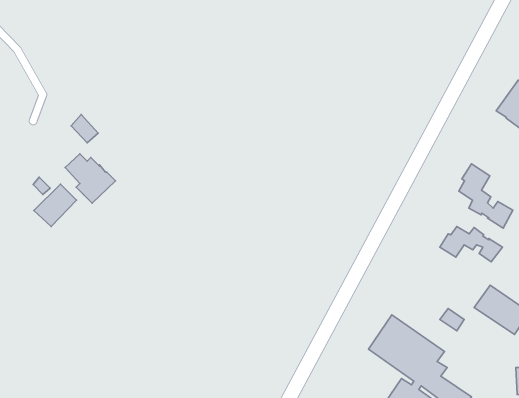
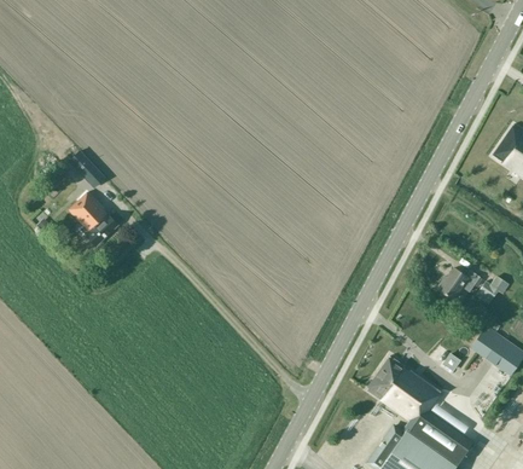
building: [459,164,513,228] -> none
building: [34,184,77,227] -> none

